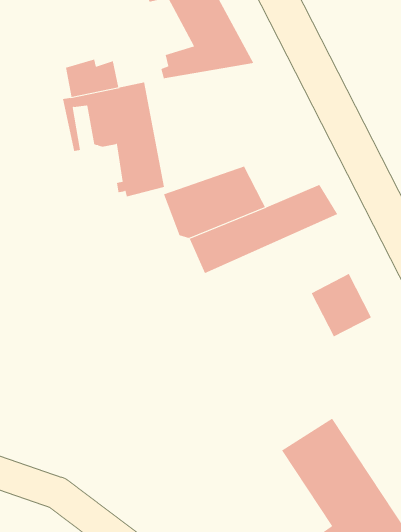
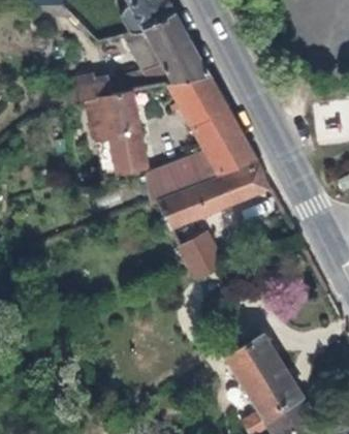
building: none -> [164,76,254,177]
building: [311,273,372,337] -> [181,234,225,280]

